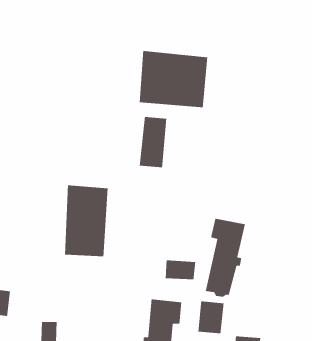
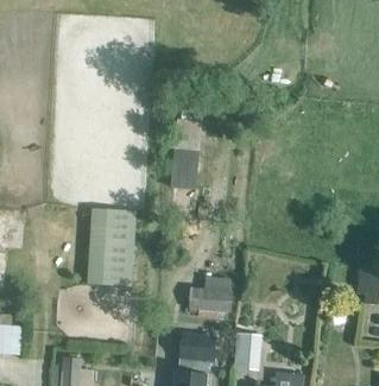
building: [139,50,208,108] -> none
building: [205,218,246,298] -> none

